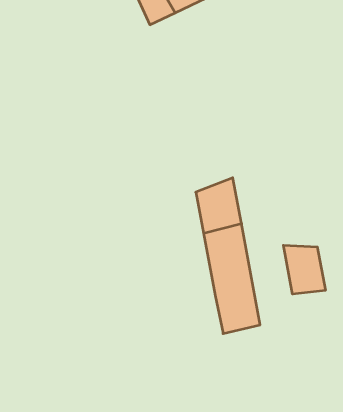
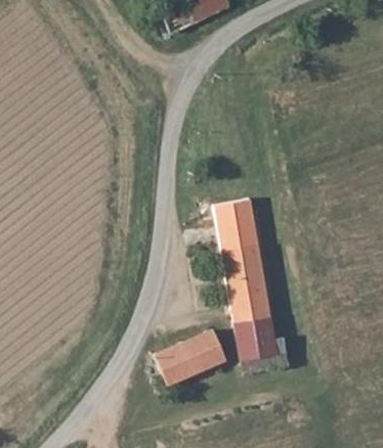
building: [283,245,325,294] -> none
building: none -> [156,331,218,380]

